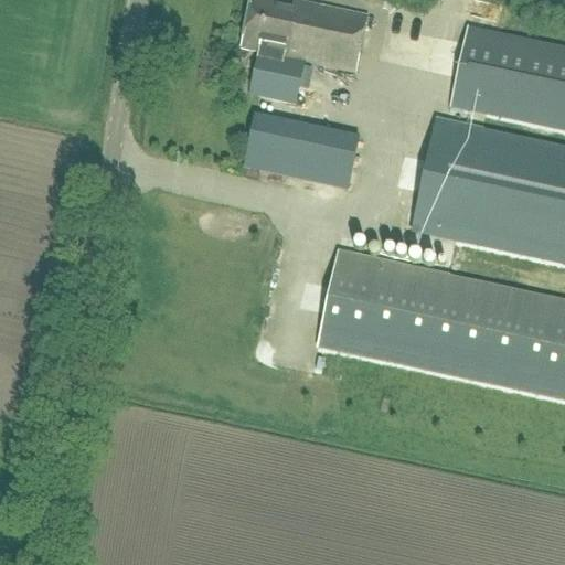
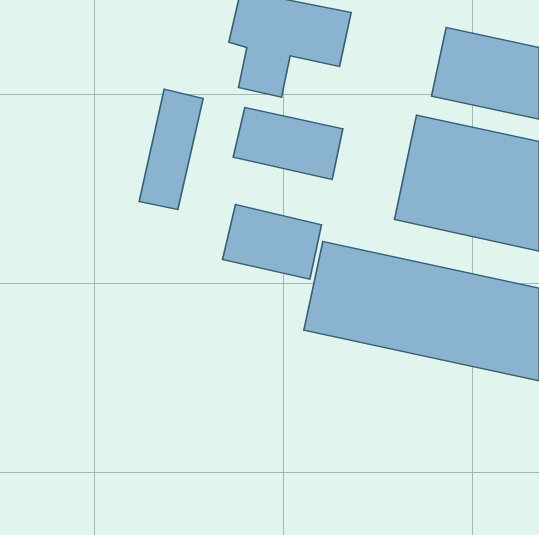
building: none -> [139,89,203,210]
building: none -> [223,205,322,279]

